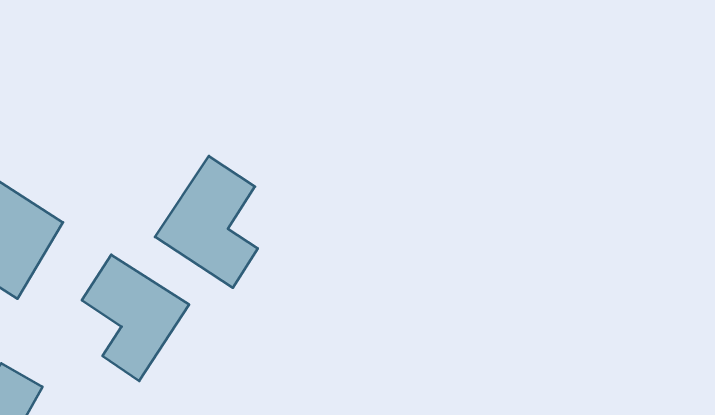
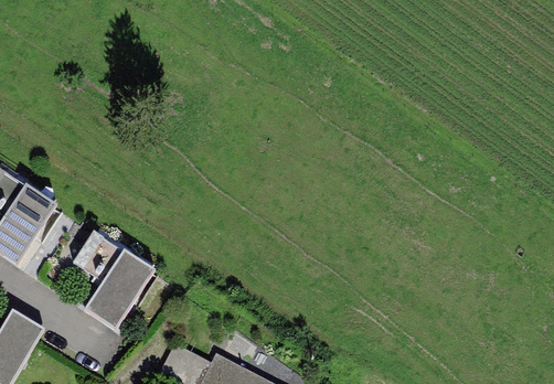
building: [155,156,258,288] -> none

